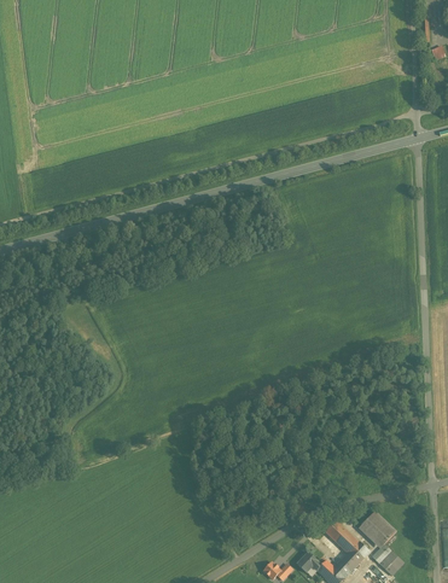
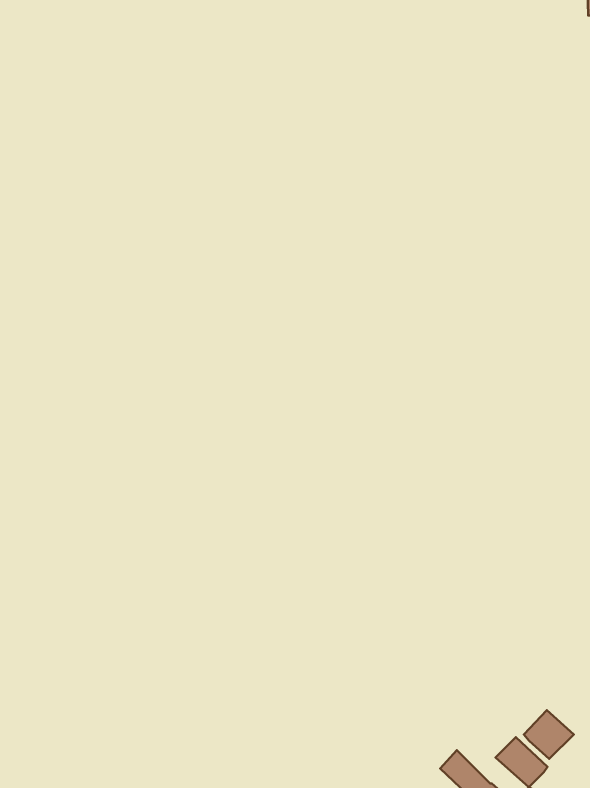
building: none -> [524,710,574,759]

